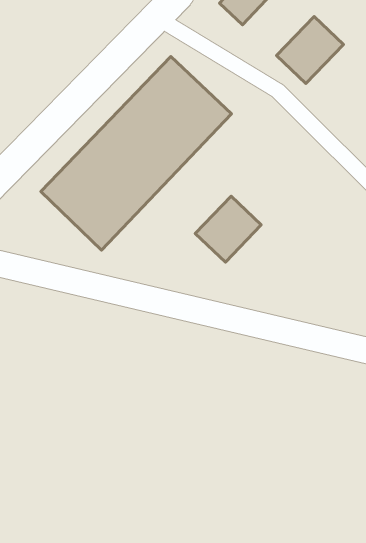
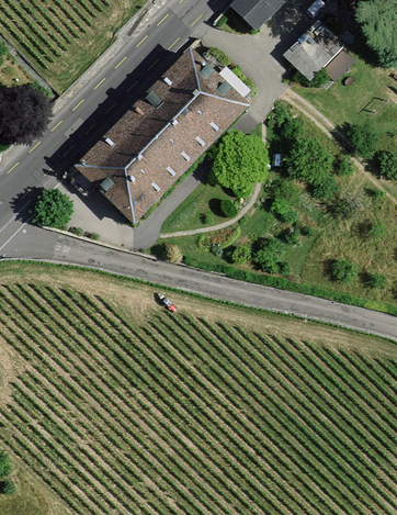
building: [195,196,261,262] -> none

